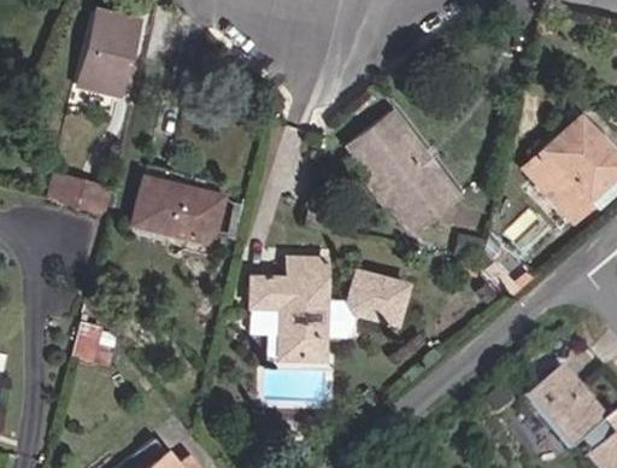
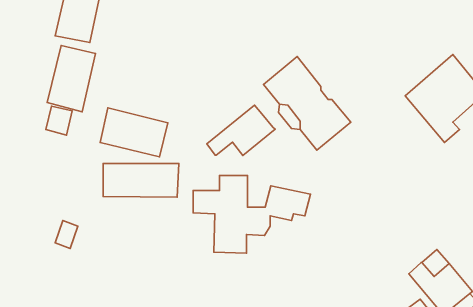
building: none -> [47,45,96,112]
building: none -> [207,105,275,156]
building: none -> [103,164,179,197]

